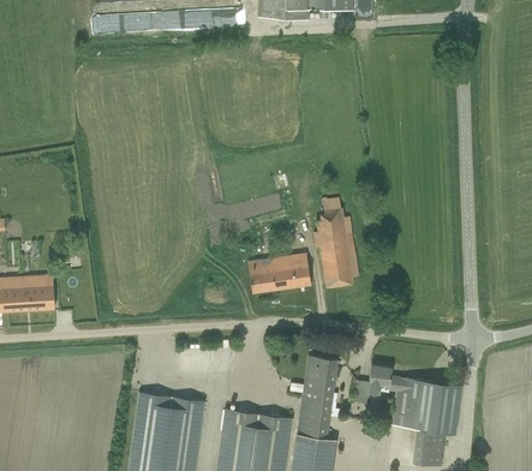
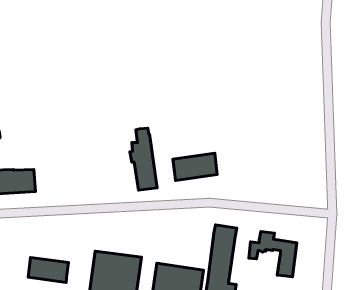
building: [315,198,353,286] -> [130,128,157,190]
building: [417,380,462,433] -> none
building: none -> [28,257,68,282]

